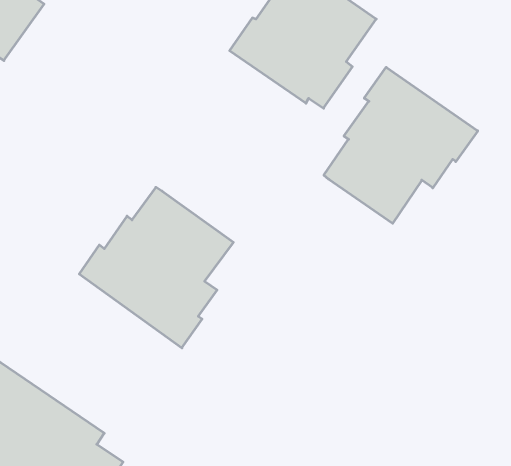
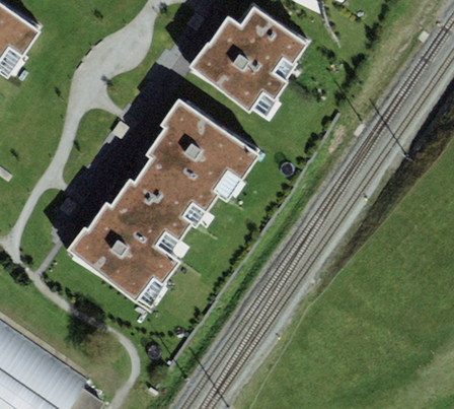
building: [324,67,478,223] -> none
building: none -> [133,96,256,224]

